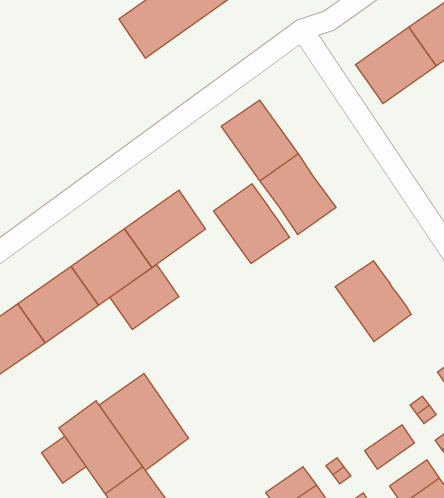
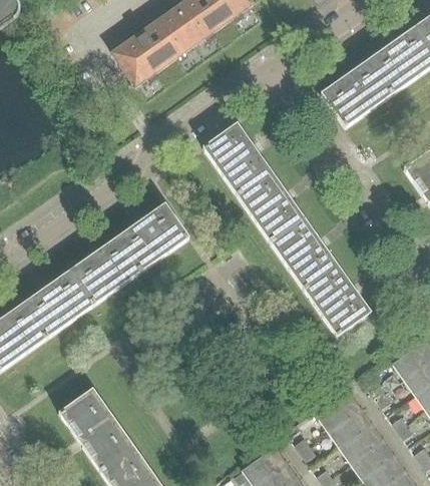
building: [213,184,290,263] -> [270,217,337,288]
building: [110,264,179,330] -> none
building: [99,373,189,470] -> none
building: none -> [318,393,362,432]
building: [41,436,86,483] -> none
building: none -> [340,425,384,463]

